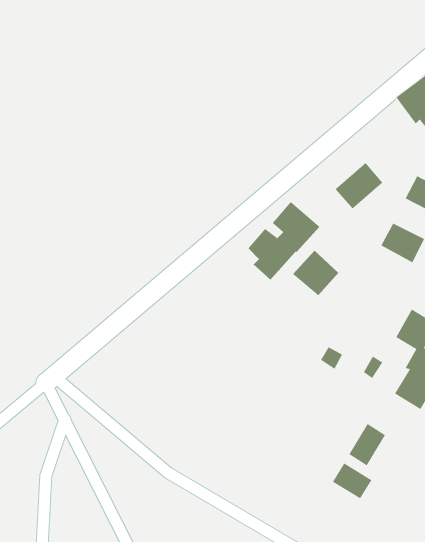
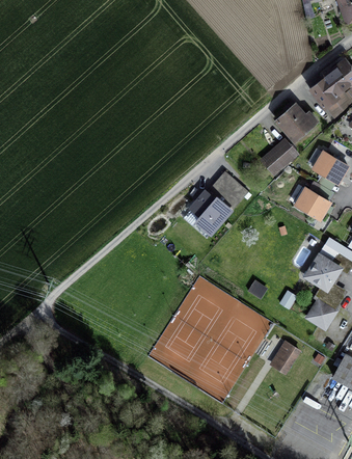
building: none -> [274,104,317,143]
building: [292,250,339,296] -> none
building: [332,463,372,499] -> none

